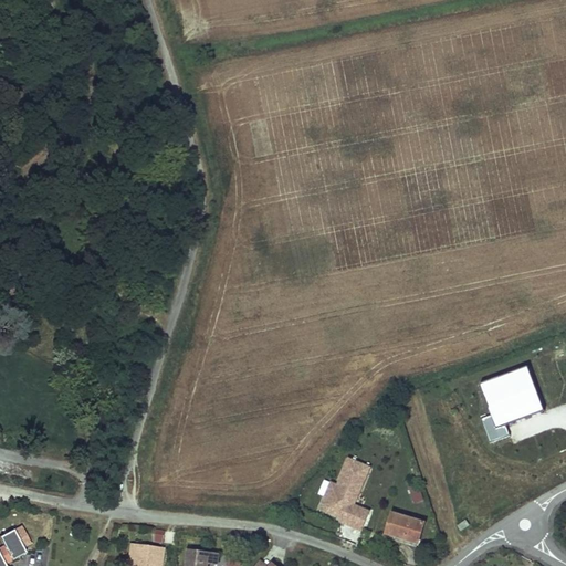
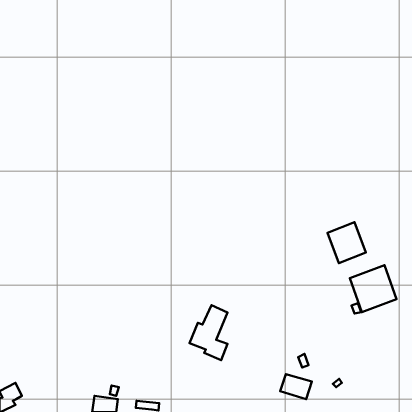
building: none -> [328,222,366,263]
building: [318,458,370,533] -> [190,305,228,360]

